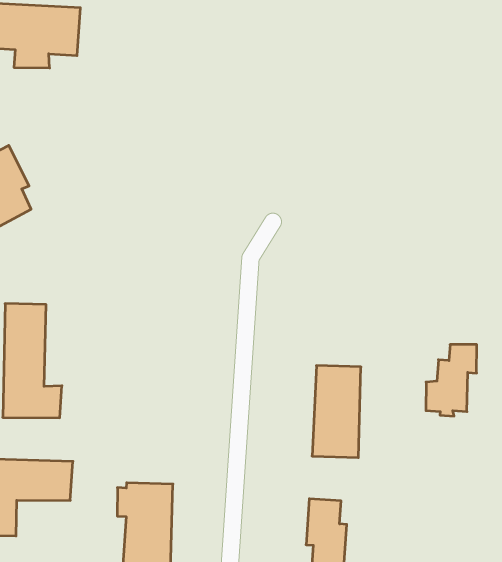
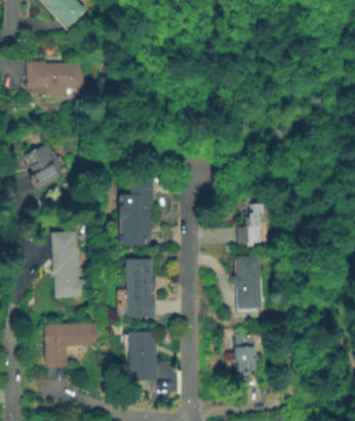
building: none -> [119,177,155,246]
building: [426,345,477,416] -> [237,204,266,246]
building: none -> [125,257,155,315]

